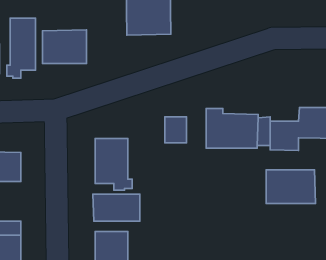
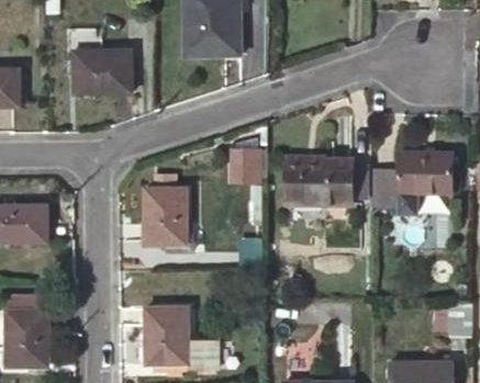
building: [7,18,36,78] -> none
building: [266,170,315,204] -> none
building: [93,194,140,221] -> none

